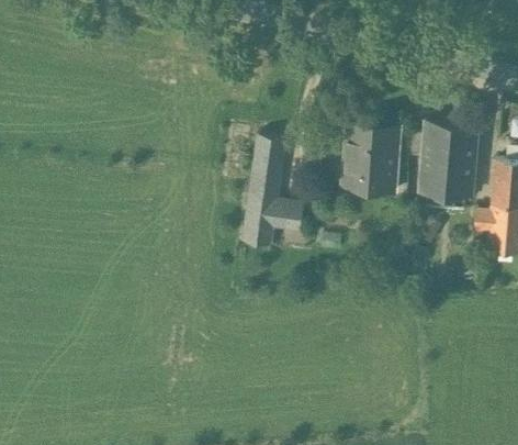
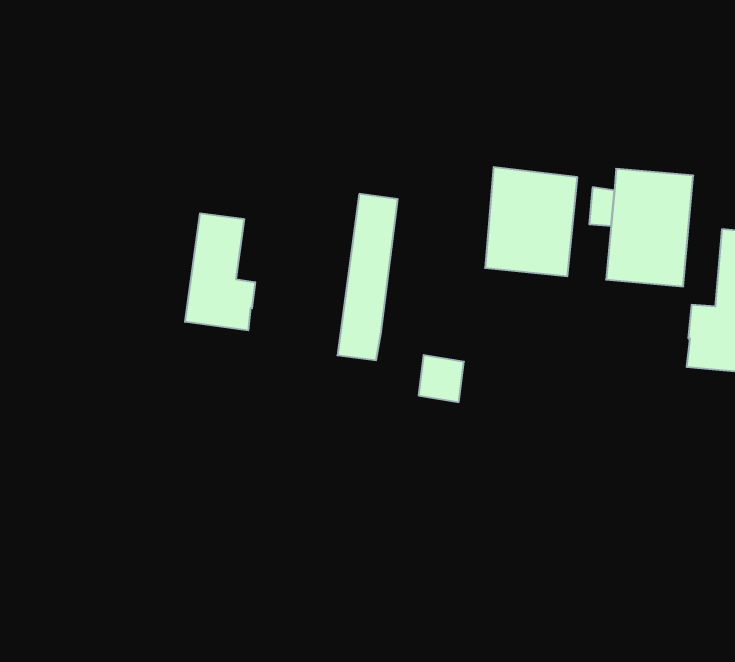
building: none -> [185,213,255,330]
building: [272,201,302,232] -> [419,355,464,402]

